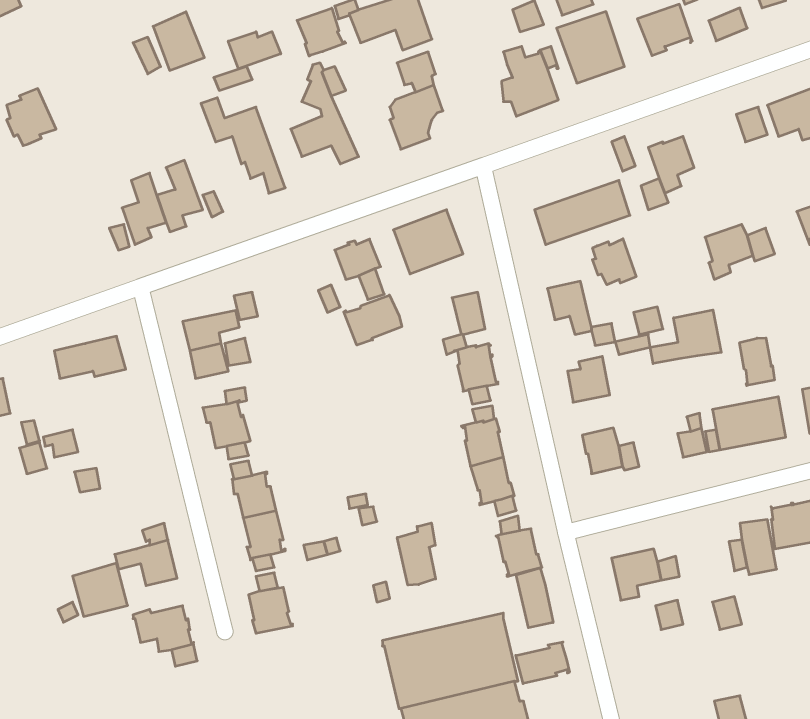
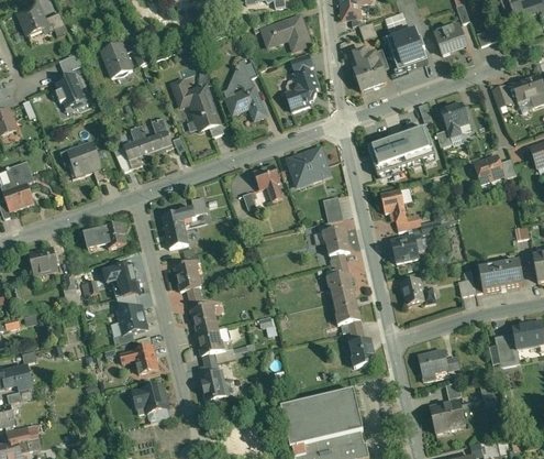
building: [297,8,346,56] -> none
building: [153,12,204,70] -> [101,42,132,77]
building: [228,32,281,69] -> none
building: none -> [59,140,104,179]
building: [592,239,636,285] -> none
building: [344,295,402,345] -> none
building: [650,310,721,364] -> none
building: [740,338,774,386] -> none
building: none -> [103,263,137,295]
building: [397,523,436,585] -> none
building: [73,563,128,616] -> [115,304,148,336]
building: [516,568,553,628] -> none
building: none -> [429,398,465,433]
building: [516,642,569,684] -> none

